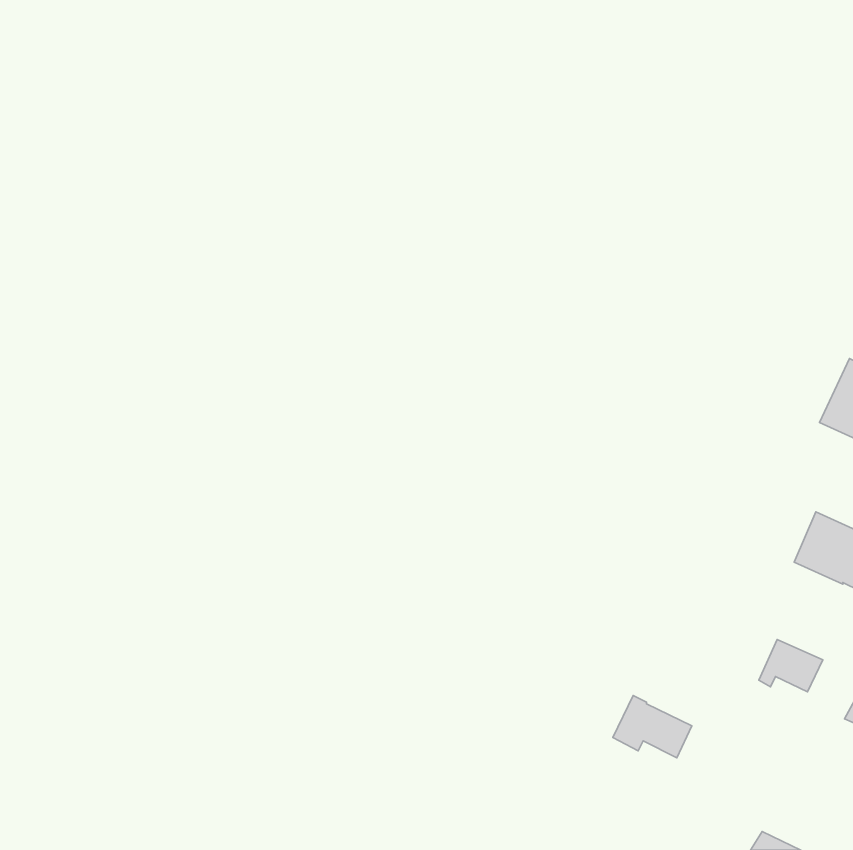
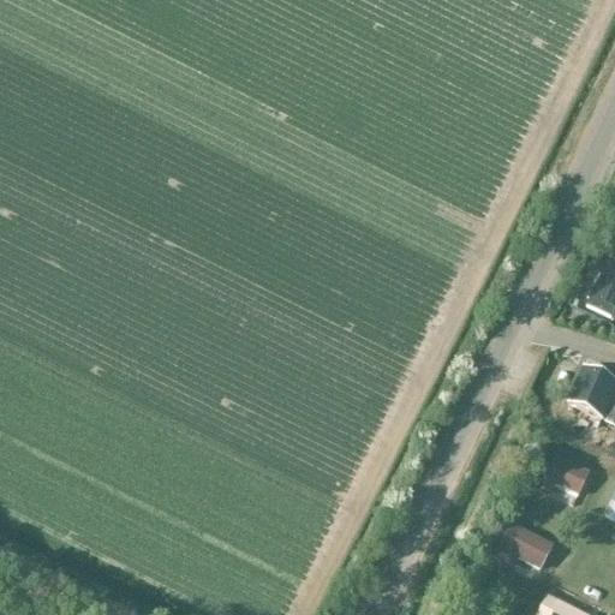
building: [613,695,692,758] -> [500,523,556,567]

